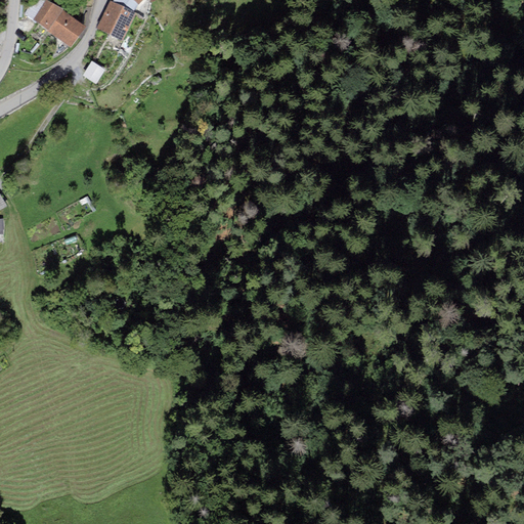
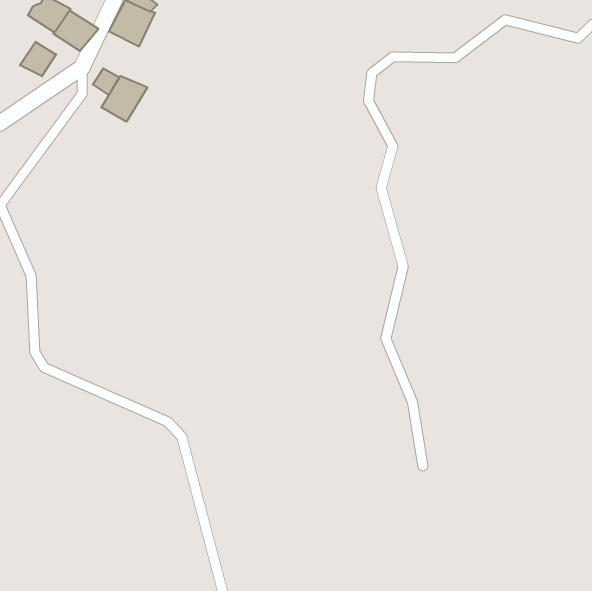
building: none -> [20,42,56,76]
building: none -> [101,76,147,122]

